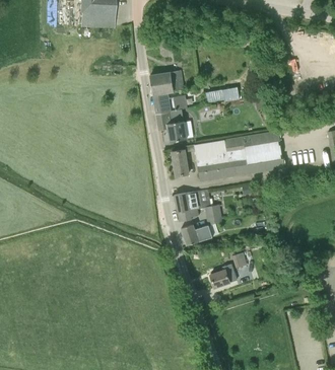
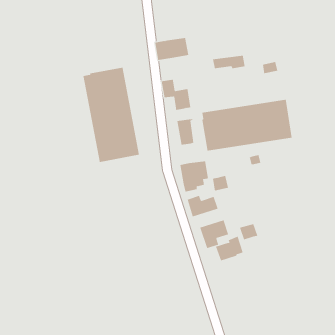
building: [153,91,187,114] -> none
building: none -> [83,67,139,163]
building: none -> [200,219,229,249]

